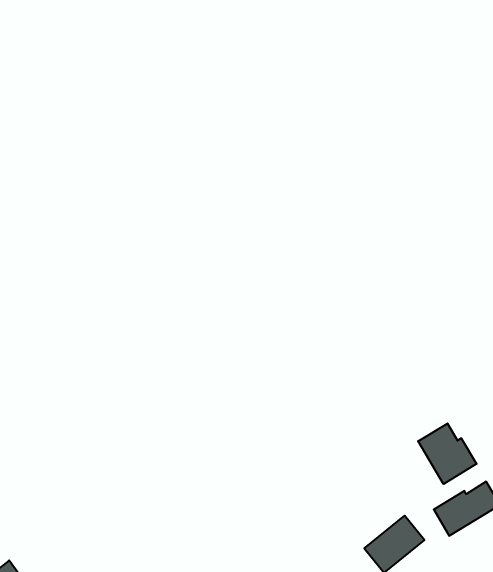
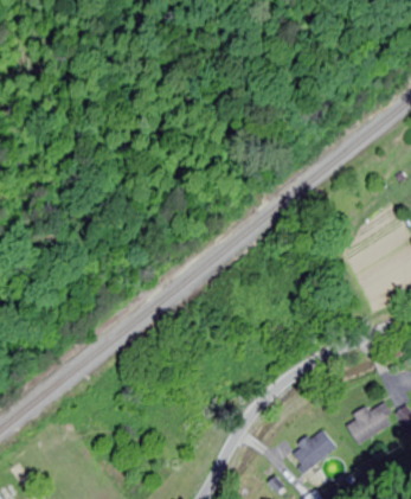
building: [418,423,477,484] -> none

